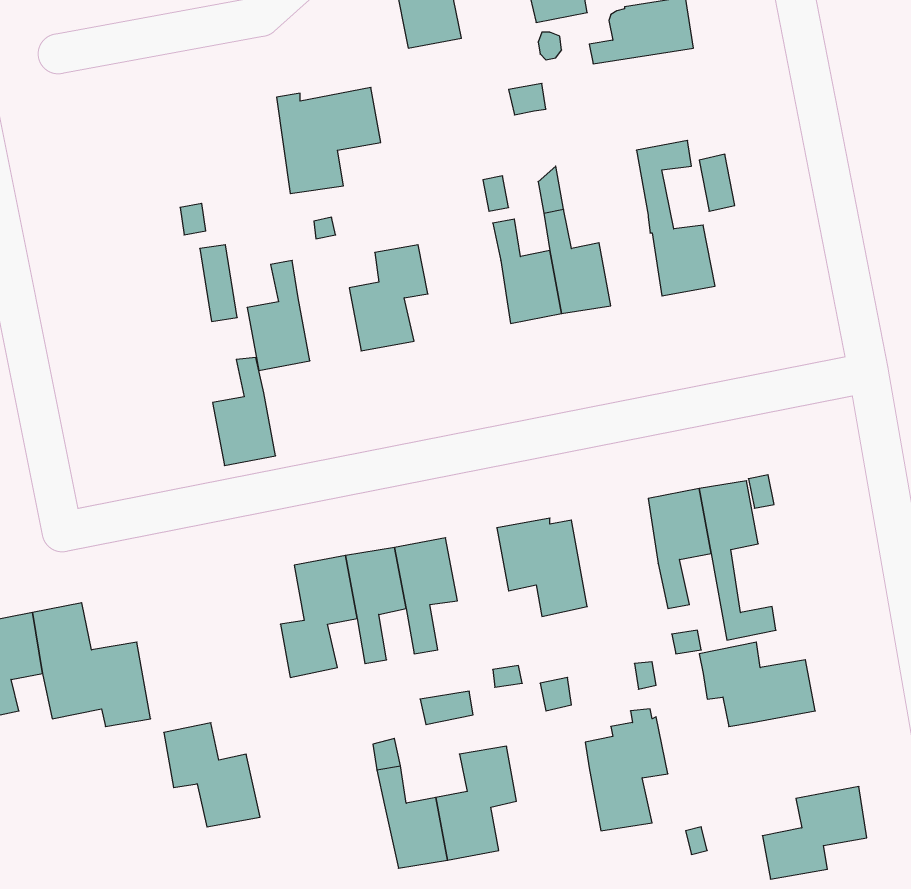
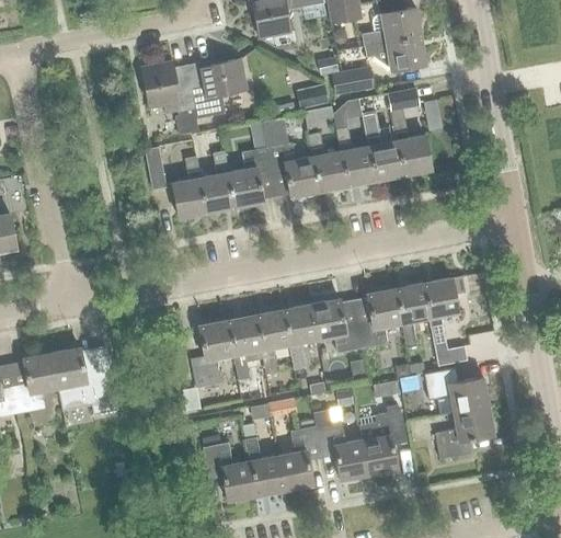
building: none -> [365,37,426,71]
building: none -> [142,61,198,134]
building: none -> [332,69,373,92]
building: none -> [295,82,329,110]
building: none -> [363,112,403,181]
building: none -> [263,117,319,196]
building: [213,357,276,466] -> [201,151,236,211]
building: none -> [353,288,401,348]
building: none -> [283,305,318,369]
building: none -> [313,409,369,479]
building: [164,723,260,827] -> [203,442,256,500]
building: [762,787,867,879] -> [435,407,493,458]

